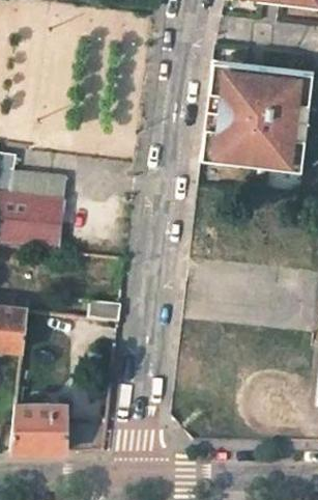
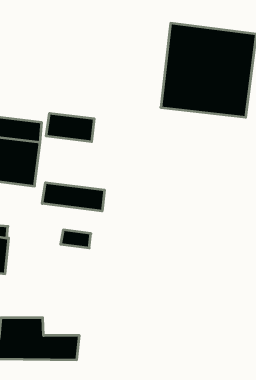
building: none -> [46,113,94,142]
building: none -> [42,183,104,211]

